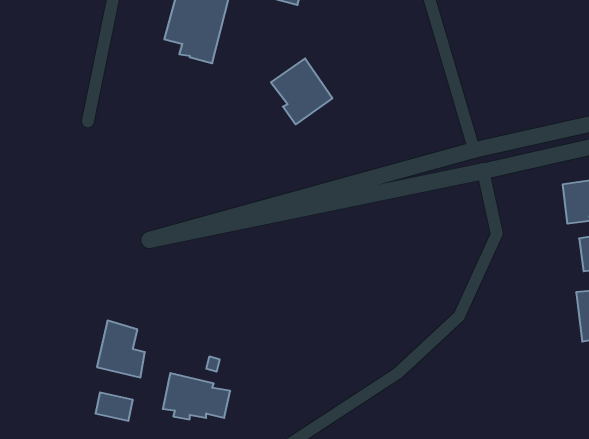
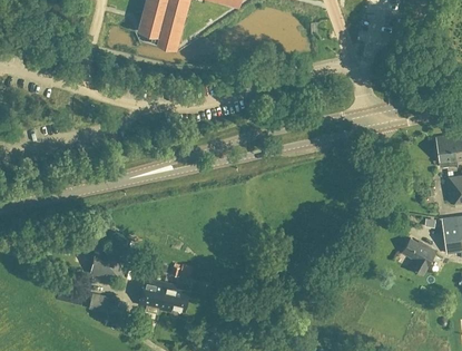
building: [271,58,332,124] -> none
building: none -> [402,238,435,274]

